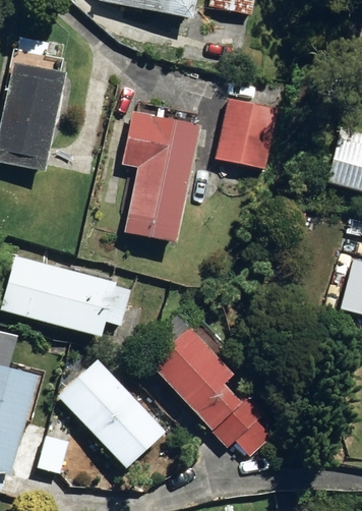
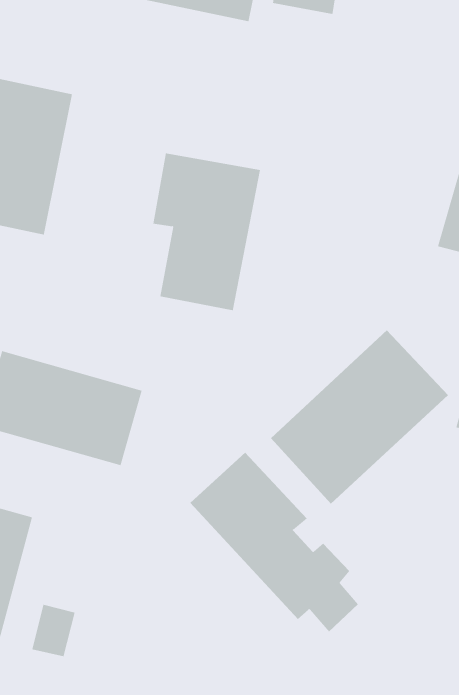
building: [217,97,278,169] -> none
building: none -> [270,329,449,504]
building: [58,359,166,469] -> none

